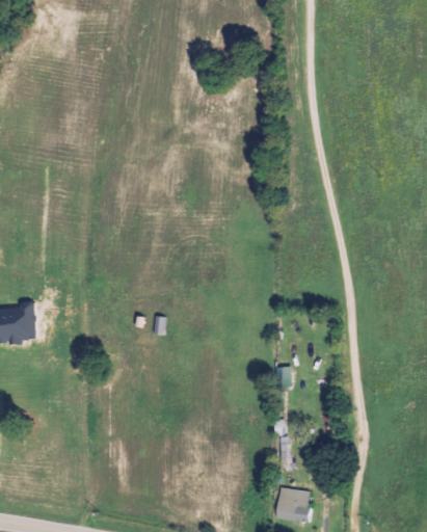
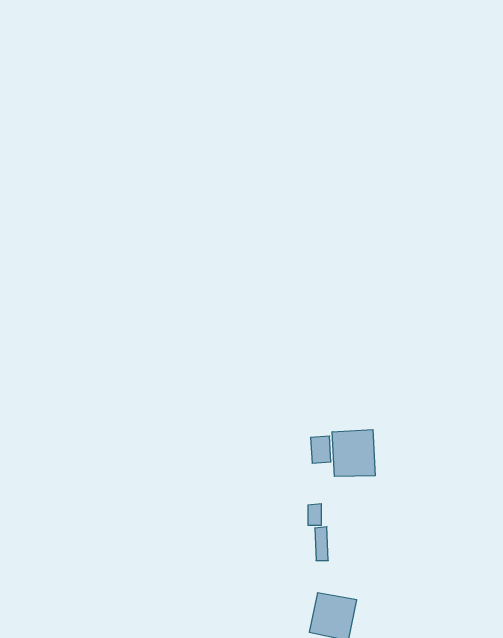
building: none -> [332,430,375,476]

